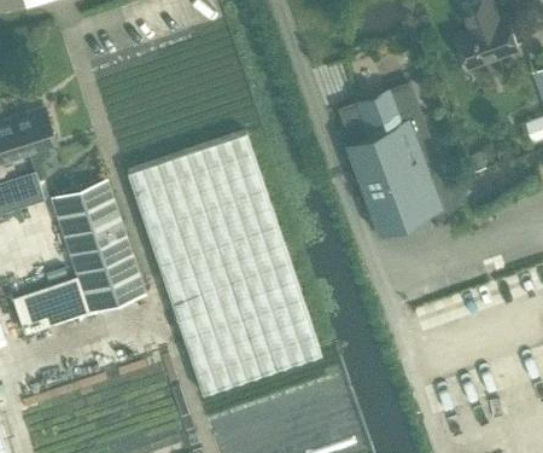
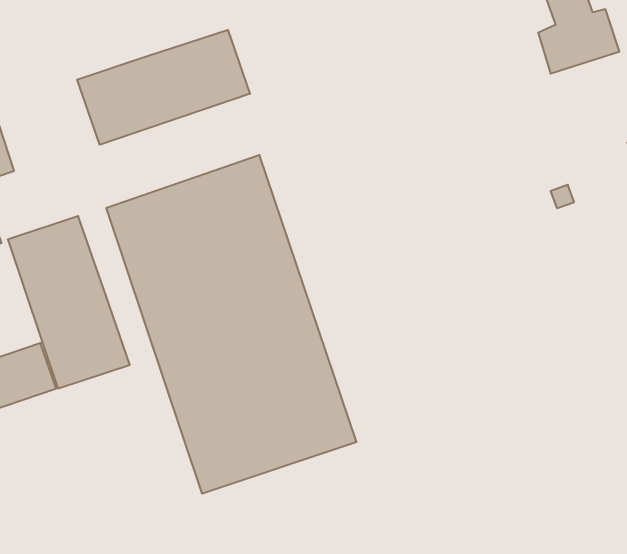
building: none -> [77,30,250,145]
building: [344,87,463,232] -> none

